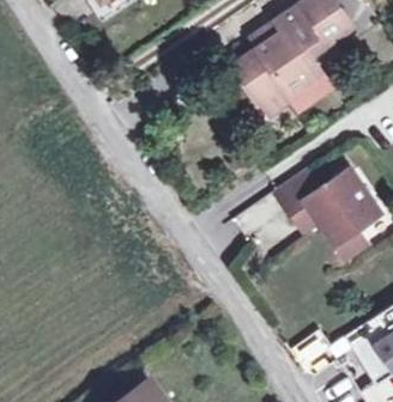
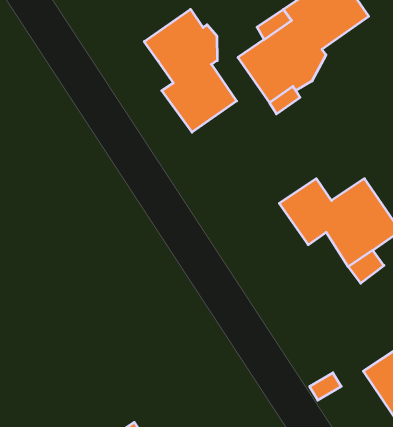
building: none -> [144,9,237,132]

